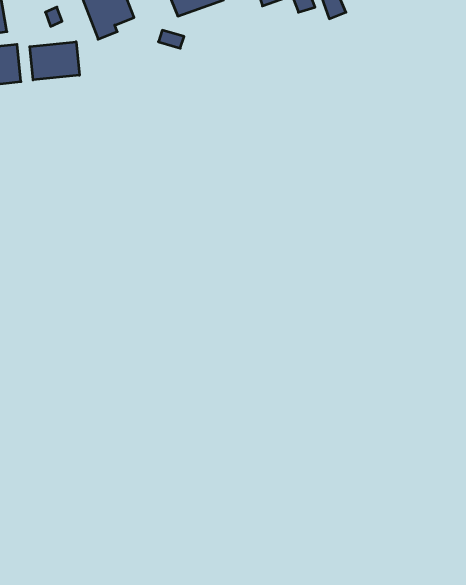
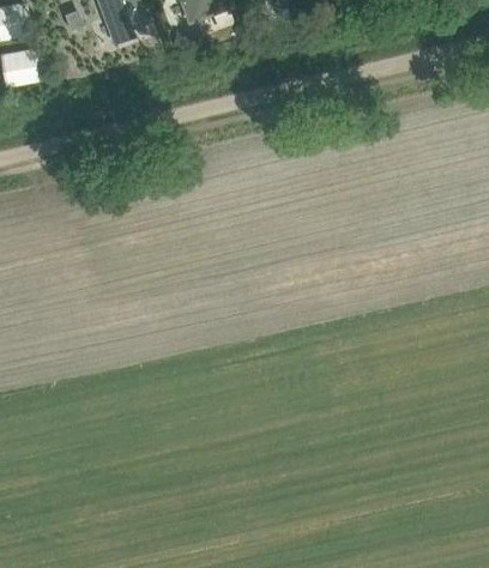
building: [30,42,79,80] -> none

